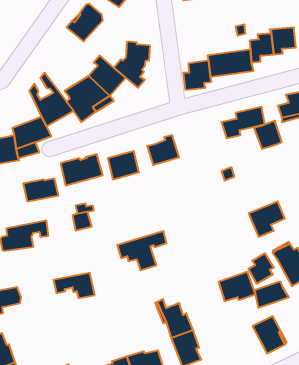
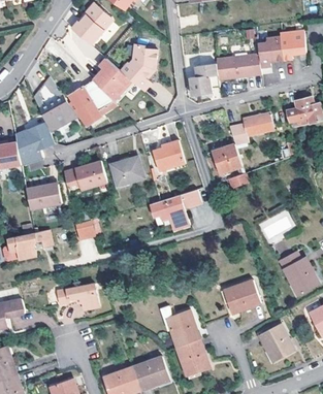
building: [254,121,282,149] -> [213,143,241,172]
building: [117,231,167,270] -> [151,188,201,228]
building: [249,253,274,284] -> none
building: [255,281,289,308] -> none

